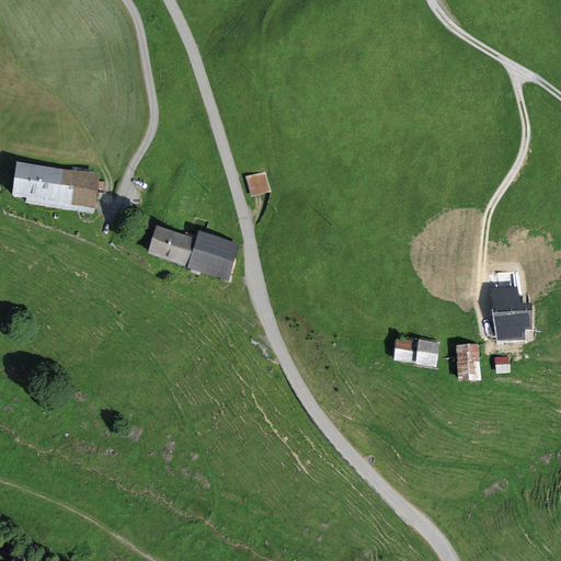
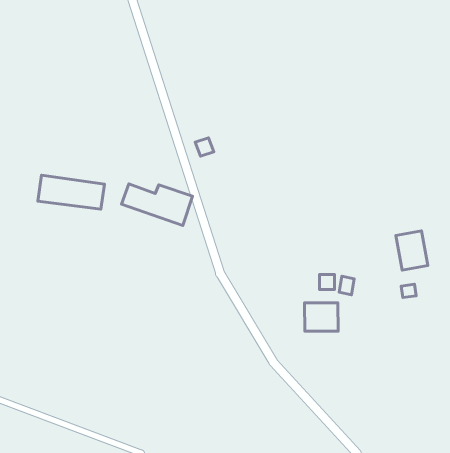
building: [14,165,96,207] -> [38,175,104,209]
building: [457,343,480,376] -> none
building: none -> [305,303,338,331]

